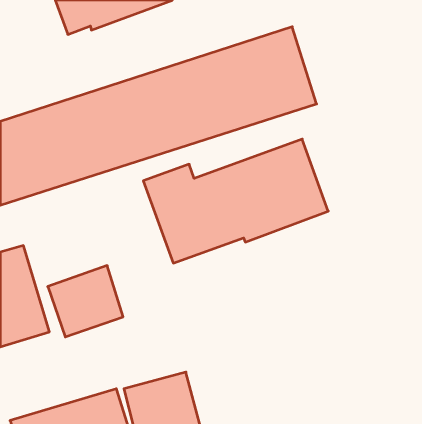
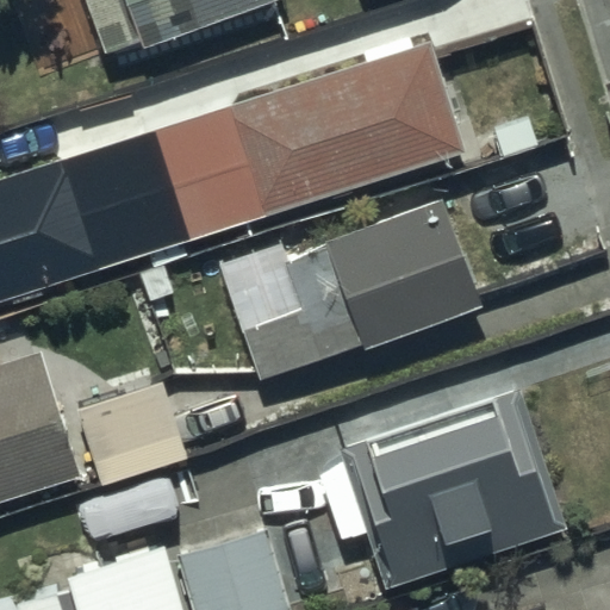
building: none -> [317,402,561,586]

